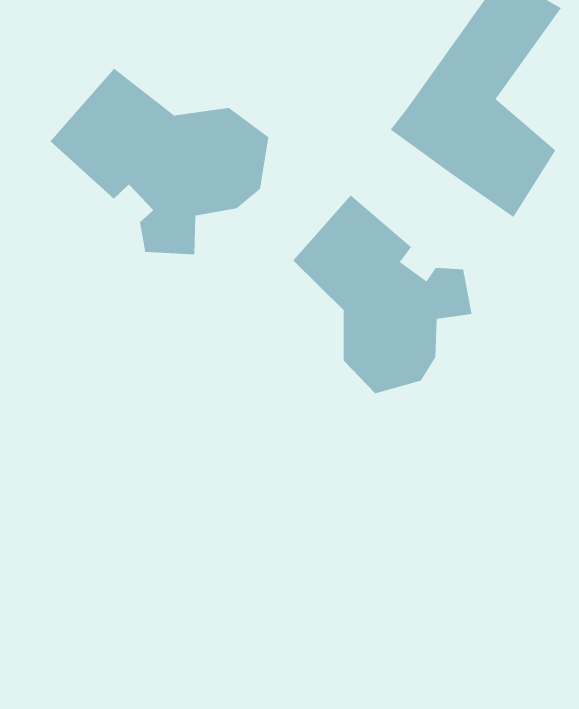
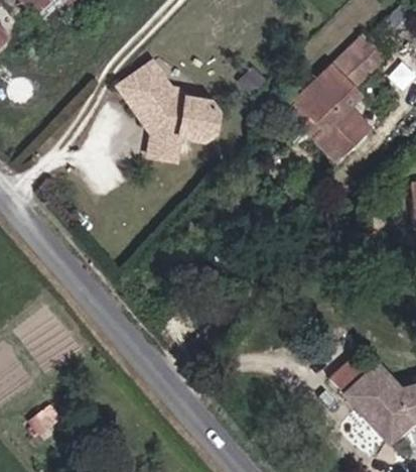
building: [293,194,472,394] -> none

